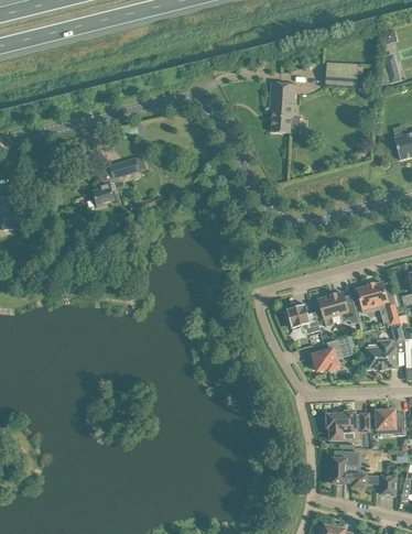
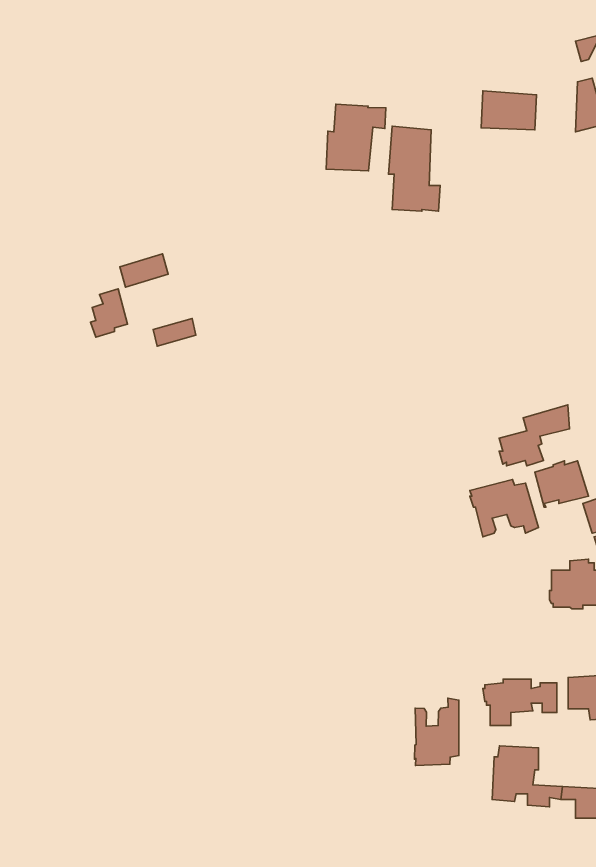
building: none -> [326,104,386,171]
building: [285,303,319,333] -> none
building: [312,334,354,370] -> [499,405,570,466]
building: none -> [414,698,459,766]

